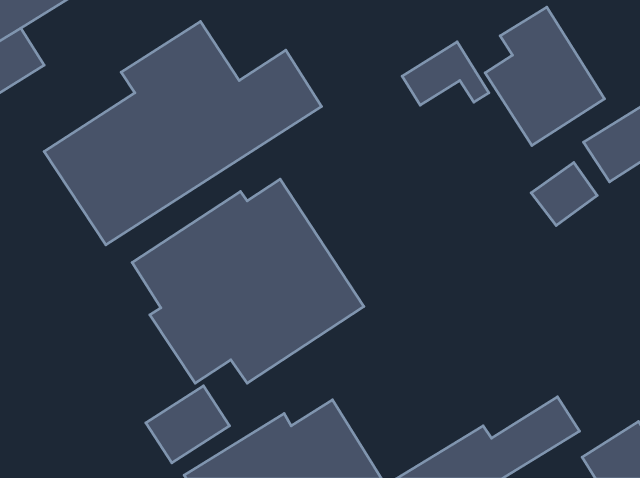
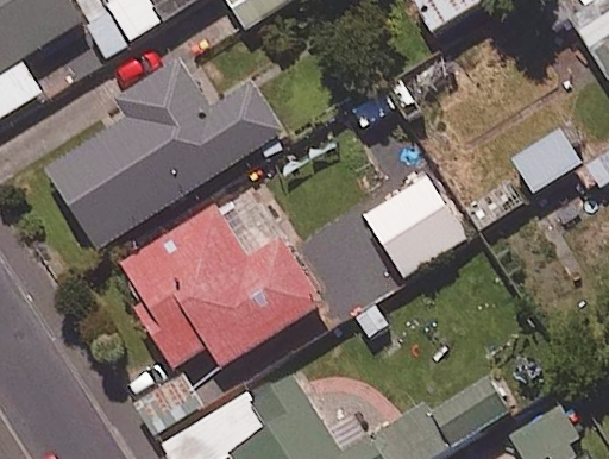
building: [485,7,605,146] -> [363,158,466,278]

